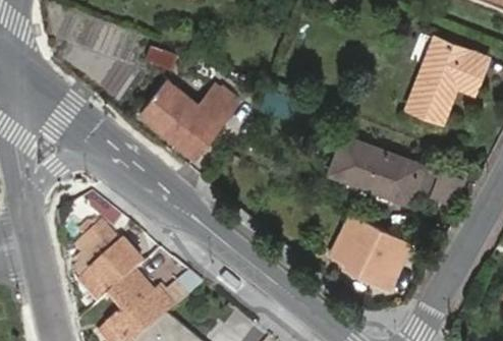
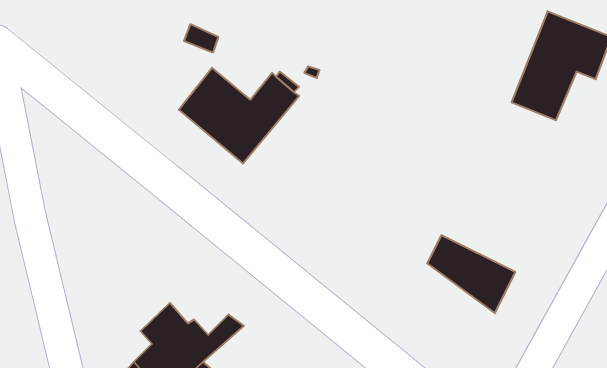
building: [331,133,462,202] -> none
building: [91,235,144,290] -> none
building: [330,235,394,289] -> none

